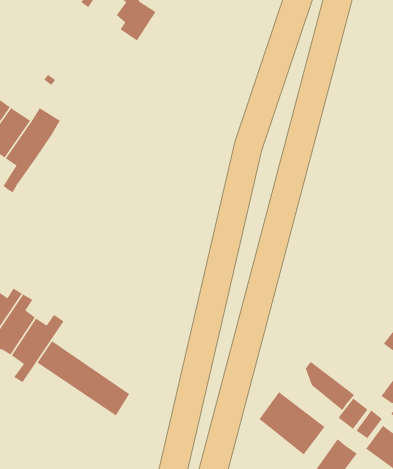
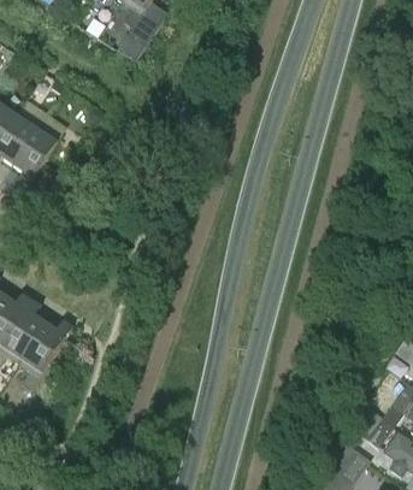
building: [36,340,130,417] -> none
building: [305,361,355,411] -> none
building: [258,391,325,455] -> none

